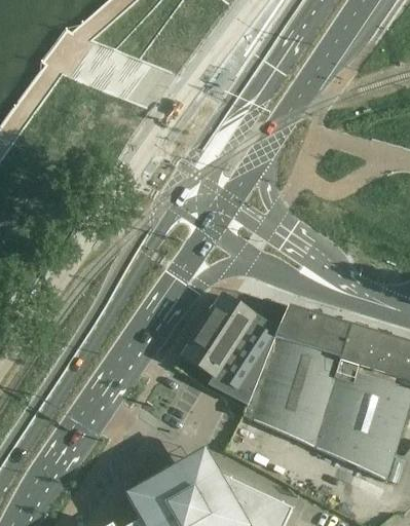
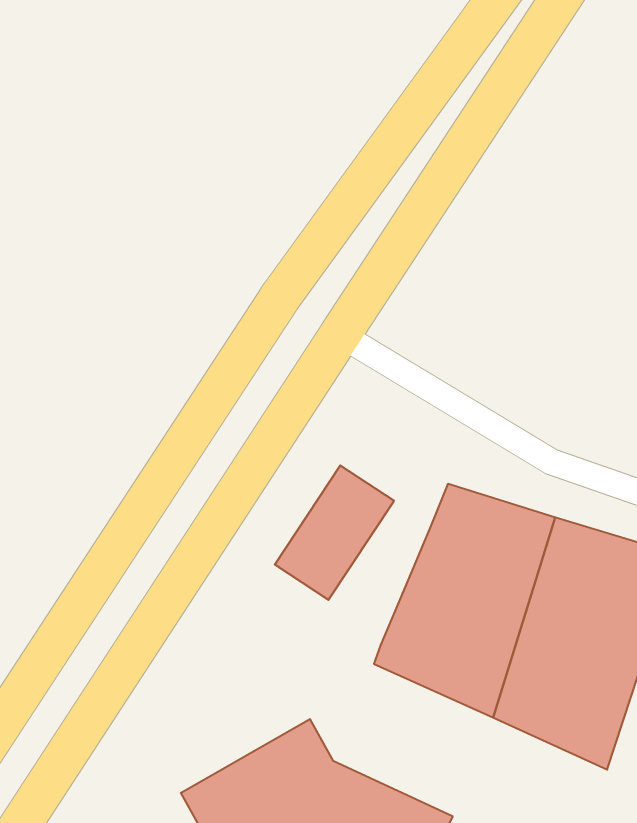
building: [211,314,278,403] -> none

